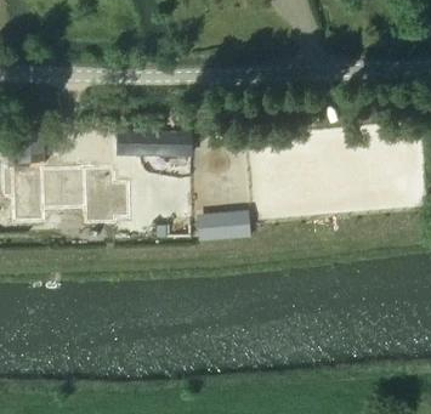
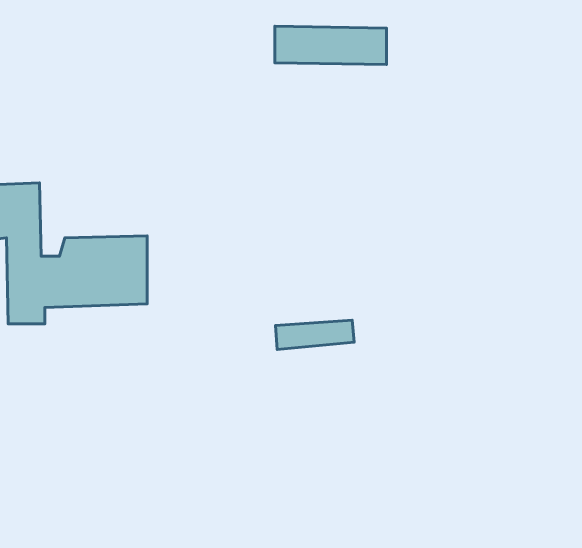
building: [118,130,192,155] -> [275,26,386,65]

